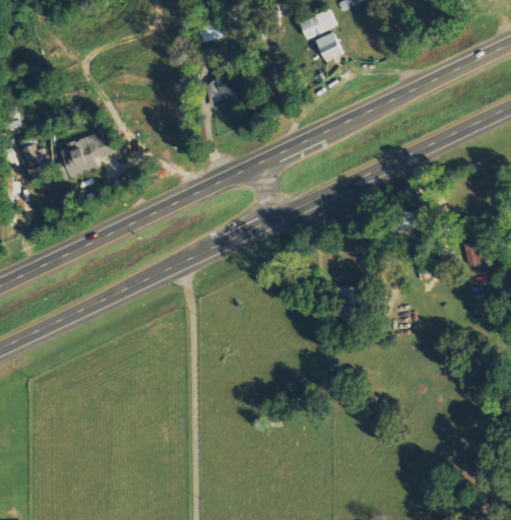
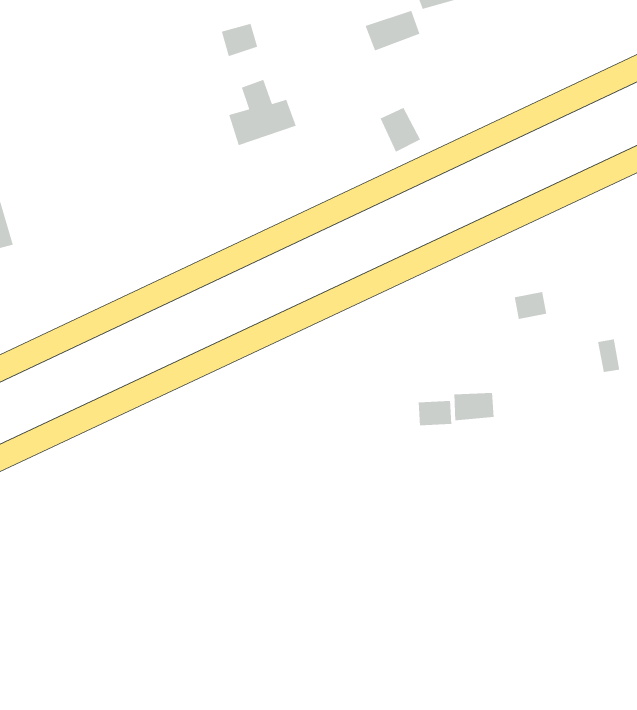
building: [317,31,346,64] -> [380,107,421,153]
building: [61,134,120,179] -> none
building: none -> [453,392,494,421]

